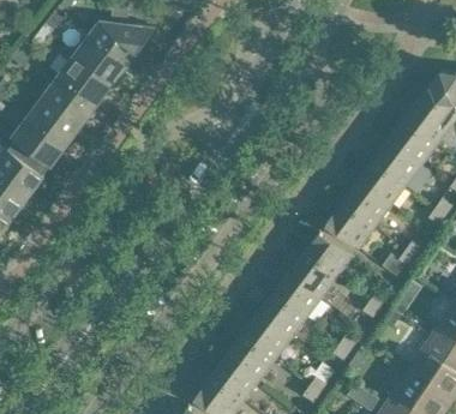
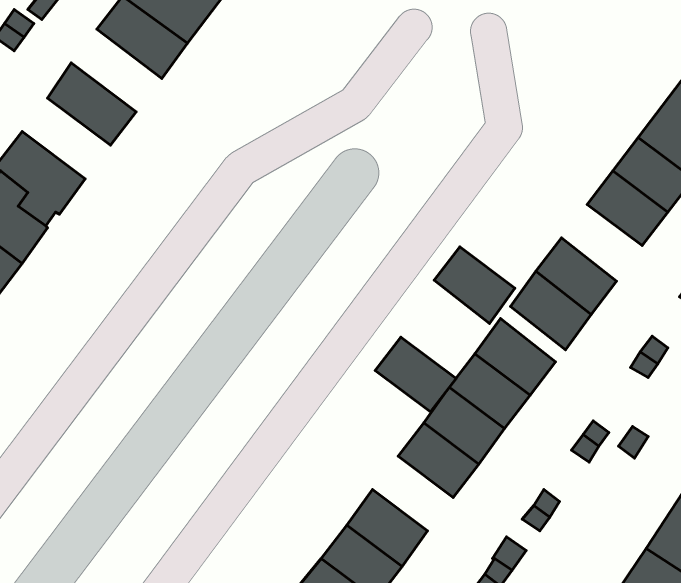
building: [58,47,113,104] -> none
building: [28,96,82,145] -> none
building: [356,161,406,208] -> [434,247,515,324]
building: [241,314,290,360] -> [375,337,456,412]

